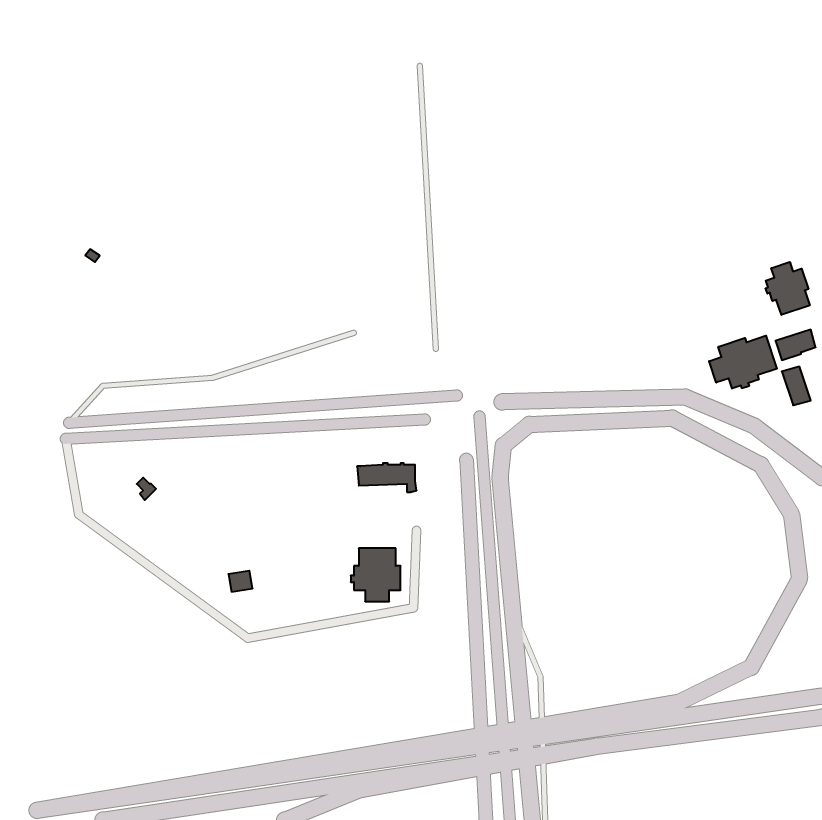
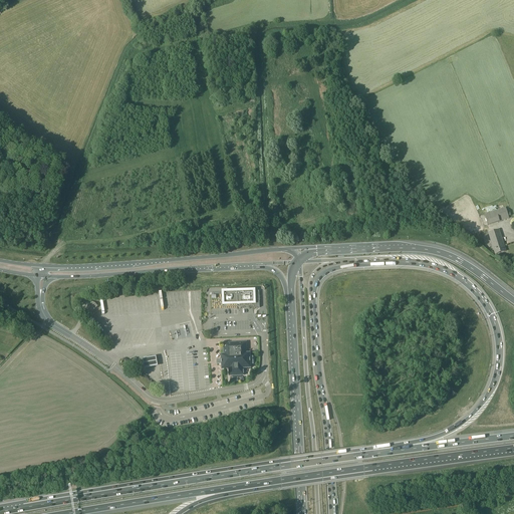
building: [766,262,810,315] -> none
building: [709,336,777,389] -> none

